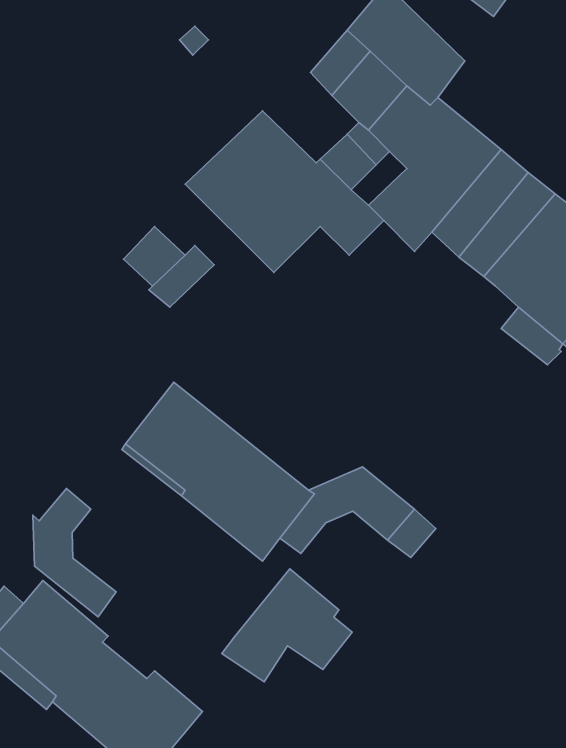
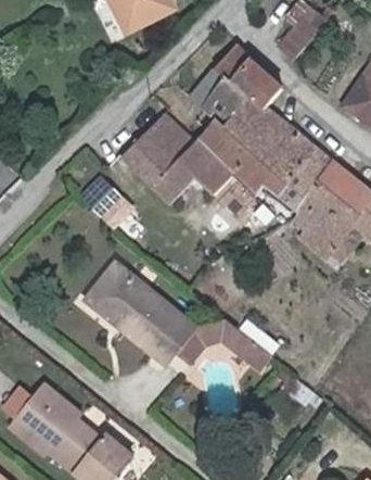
building: [33,489,116,617] -> none
building: [222,569,352,682] -> none

